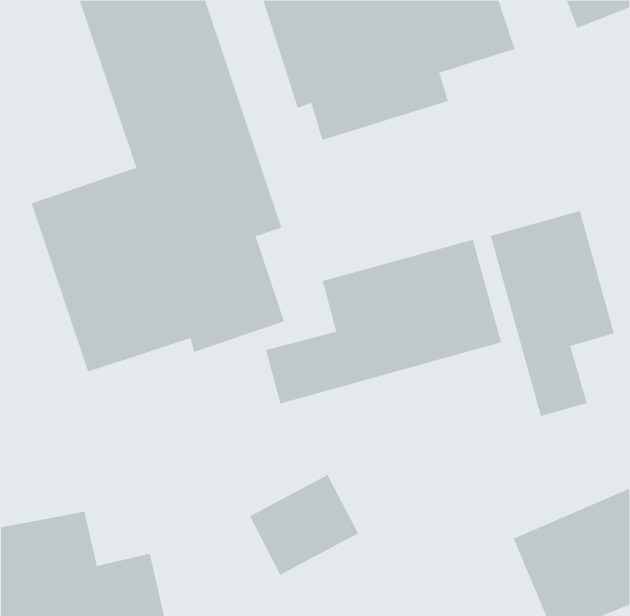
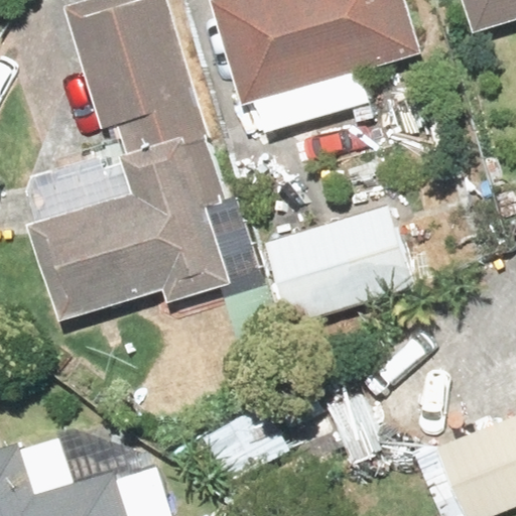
building: [490,210,615,417] -> none

